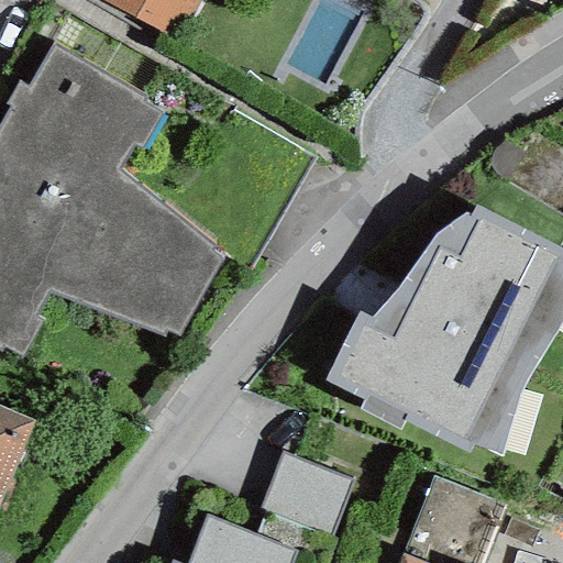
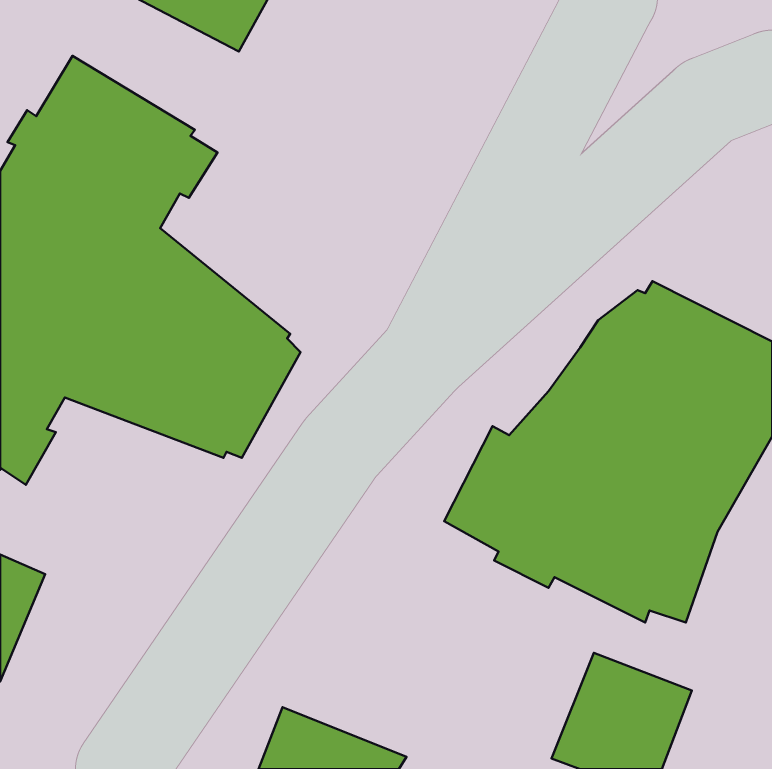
building: [258,453,353,533] -> none

